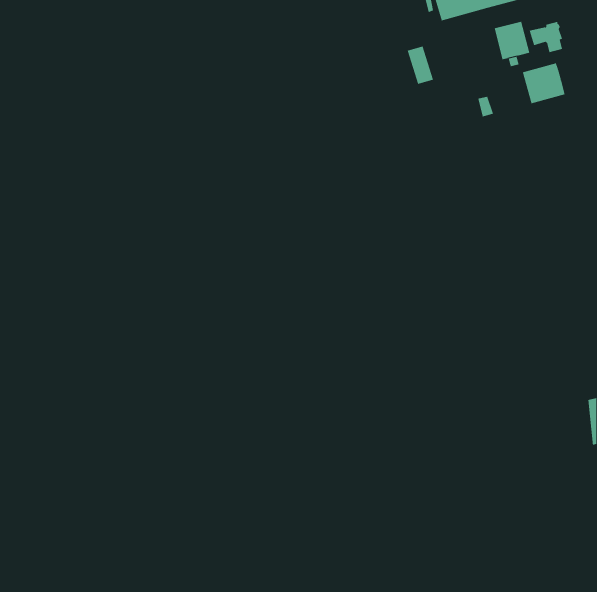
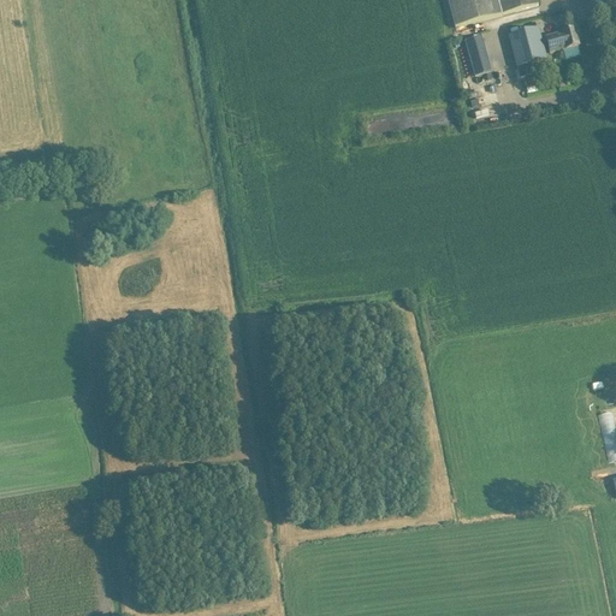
building: [407,46,434,84] -> [467,34,494,73]
building: [522,63,565,104] -> none

